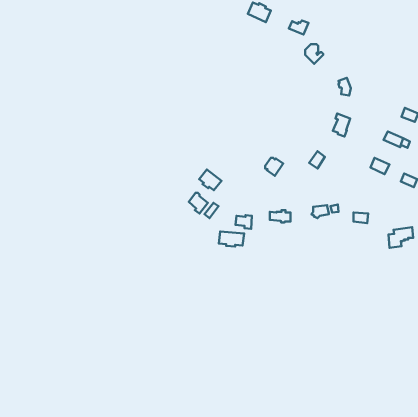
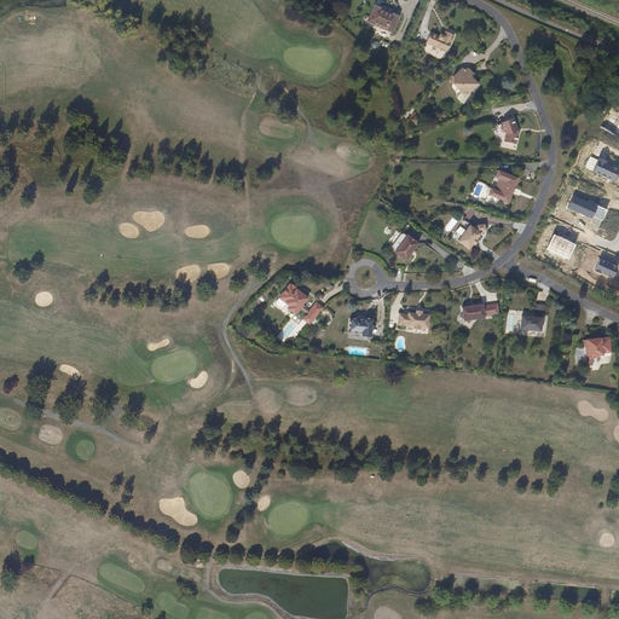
building: [199,170,221,190] -> none
building: [219,231,244,247] -> none

